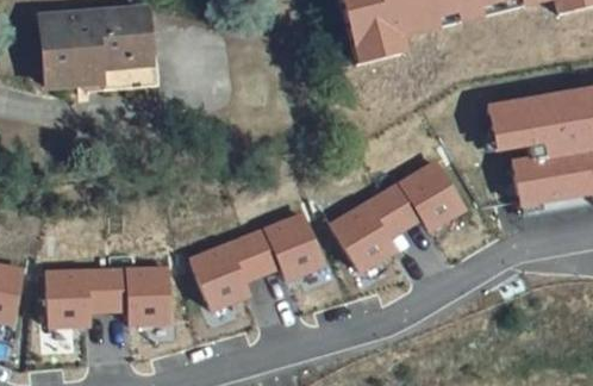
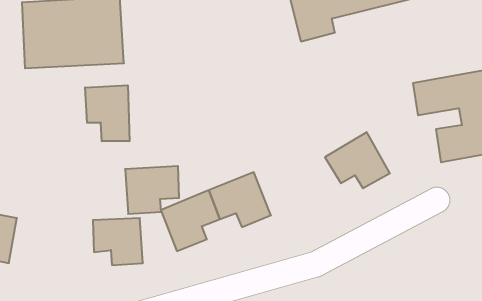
building: none -> [85,85,129,141]
building: [335,195,407,272] -> none
building: [49,270,113,328] -> [125,166,179,214]

